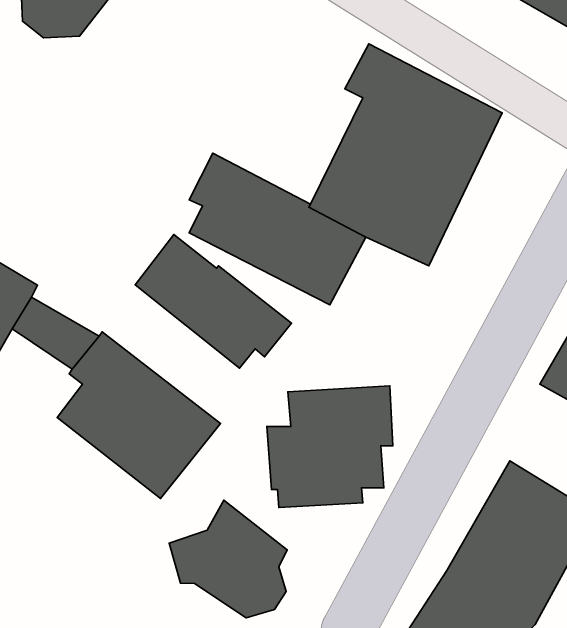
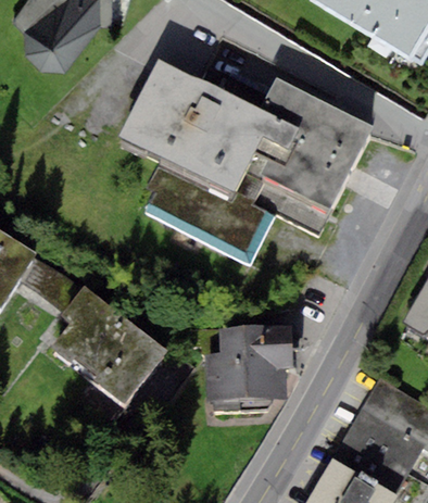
building: none -> [117,59,272,192]
building: [135,235,291,368] -> none
building: [169,500,287,618] -> none

